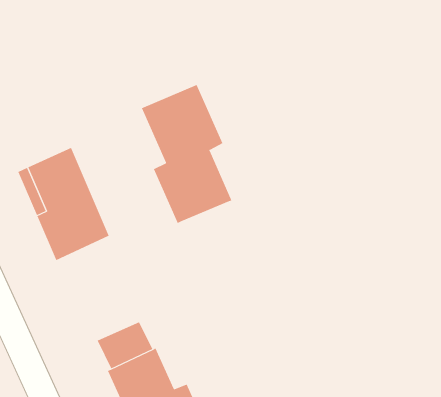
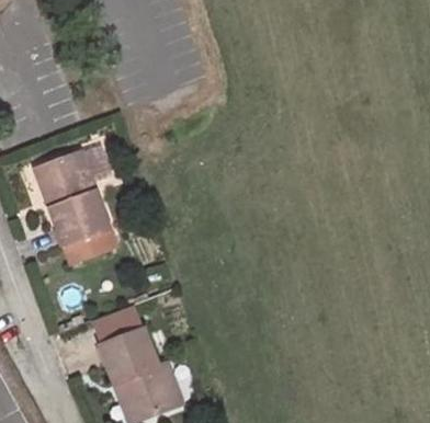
building: [141,84,232,224] -> none

